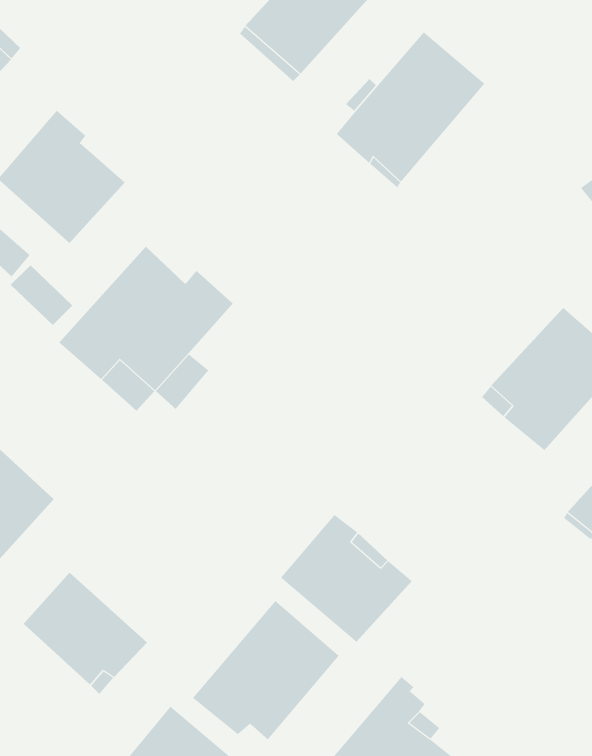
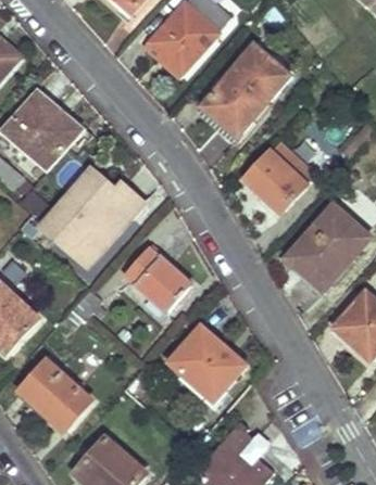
building: none -> [243,141,314,212]
building: none -> [124,247,190,311]
building: [192,600,339,740] -> none

